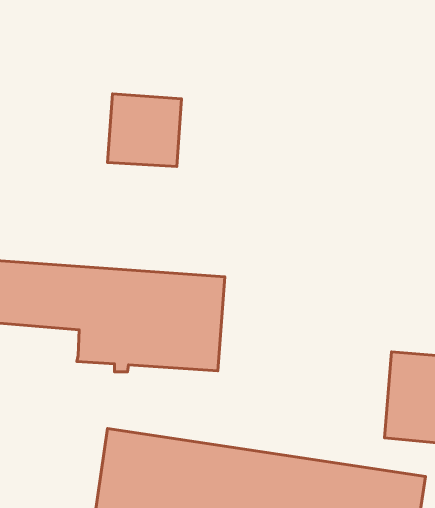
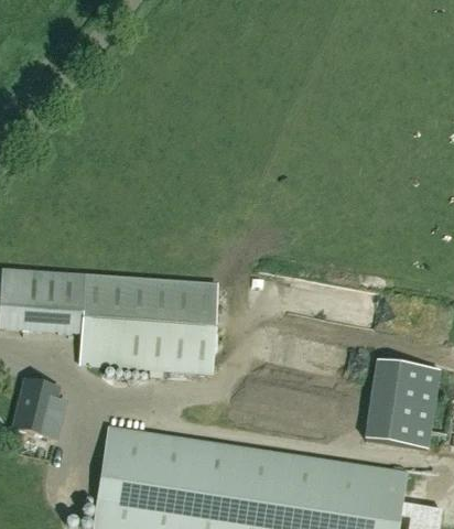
building: [108,94,181,166] -> none
building: none -> [13,379,64,438]

